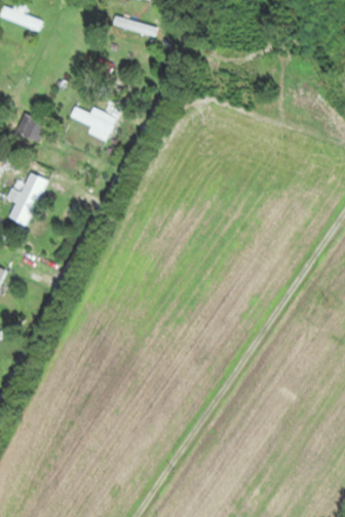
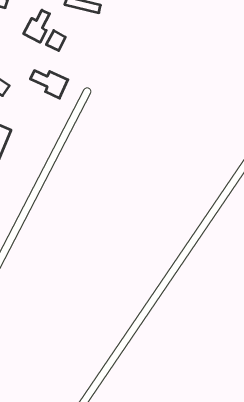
building: none -> [24,10,50,42]

